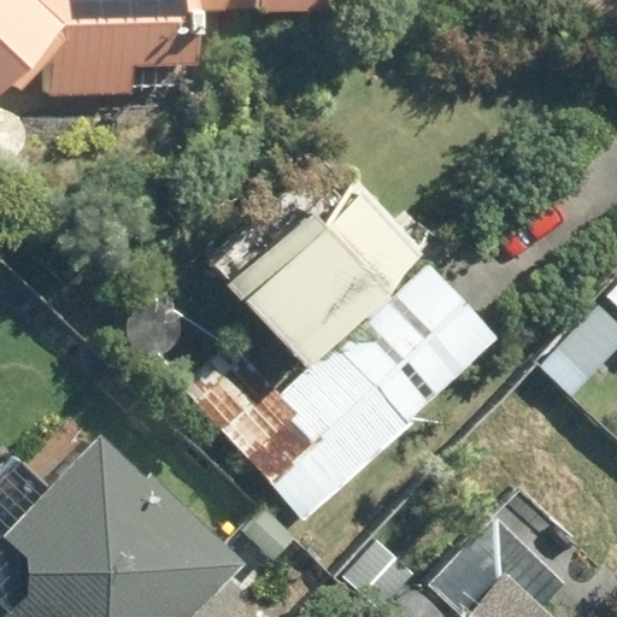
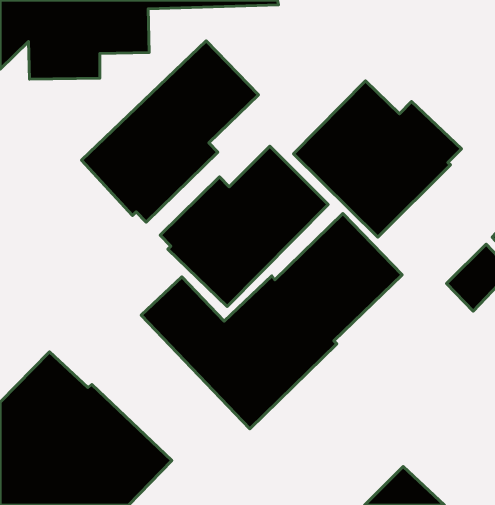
building: none -> [81,41,259,222]
building: none -> [294,81,461,237]

